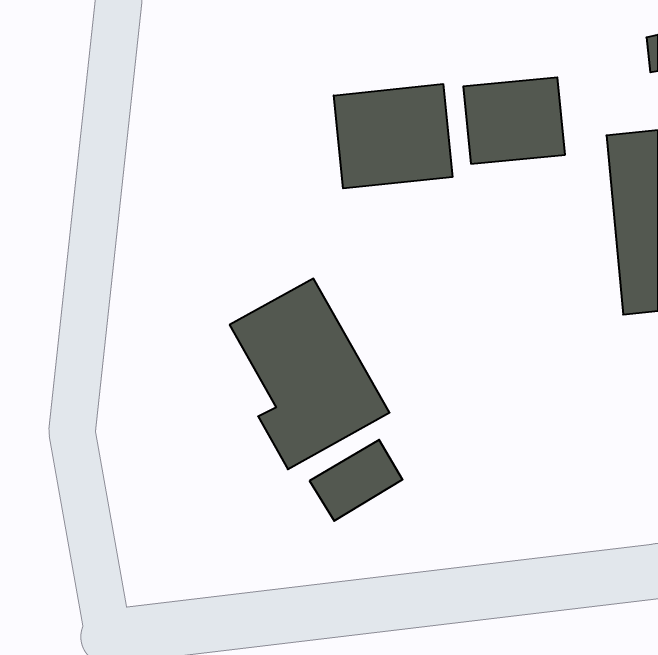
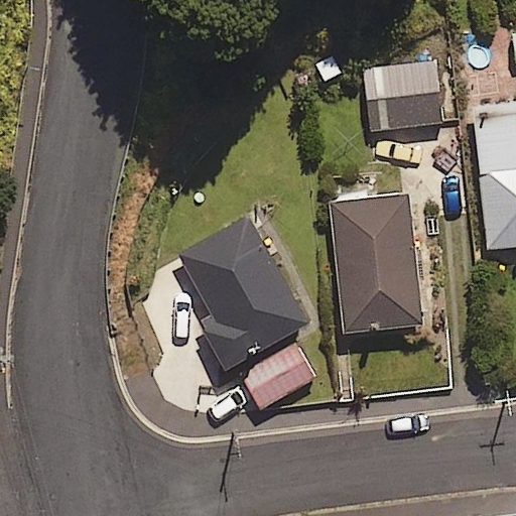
building: [334,84,452,188] -> none
building: none -> [329,166,422,333]

